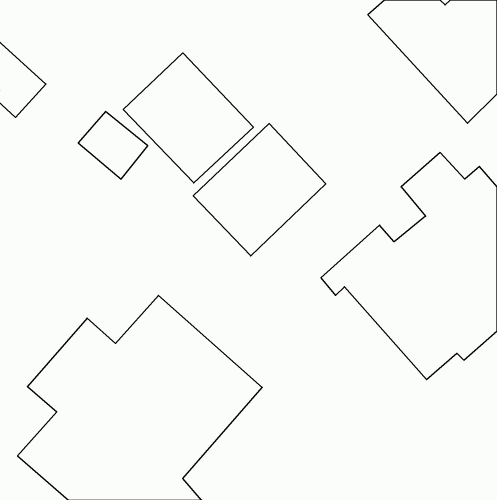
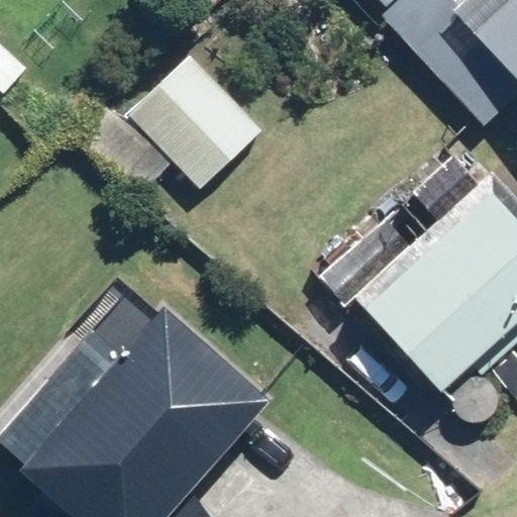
building: [193,124,326,256] -> none

